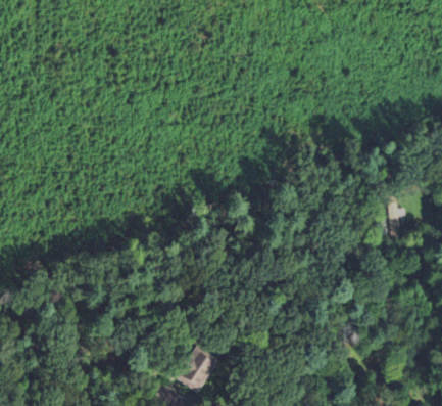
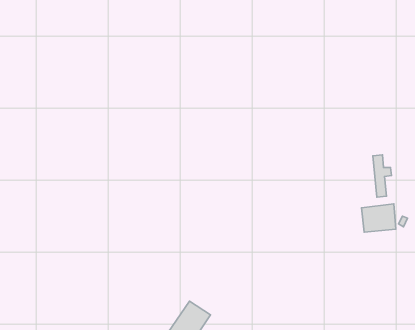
building: none -> [362,204,396,232]

